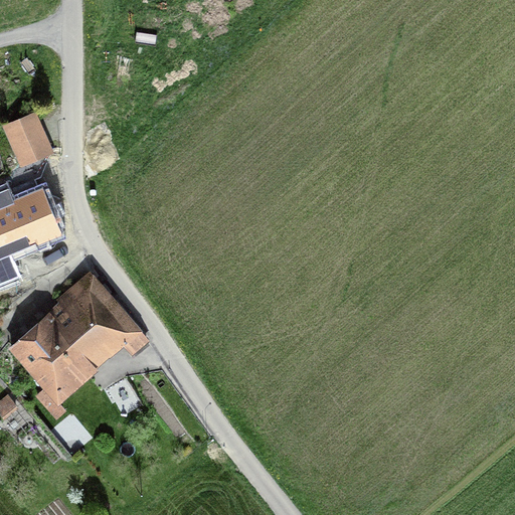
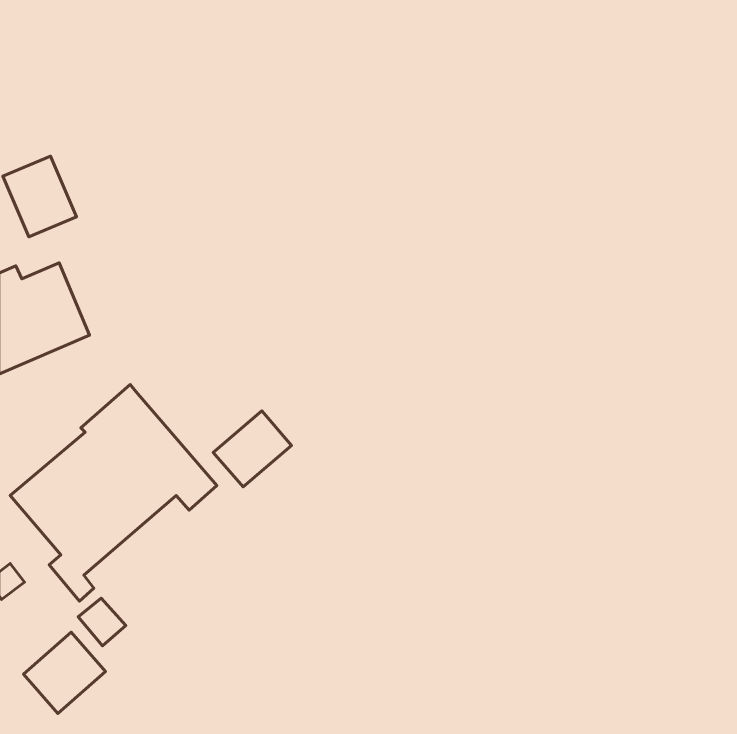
building: none -> [213,411,292,487]
building: none -> [24,632,106,713]

